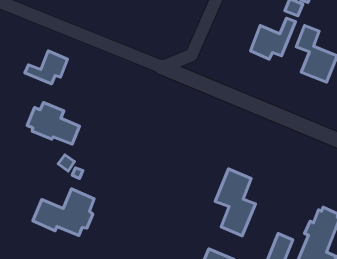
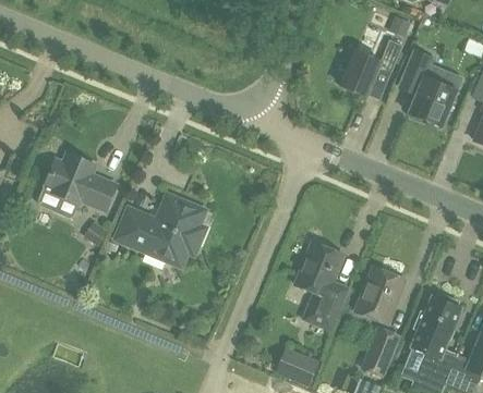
building: [25,51,67,84] -> none
building: none -> [355,266,406,323]
building: [33,189,94,236] -> [117,195,198,257]

